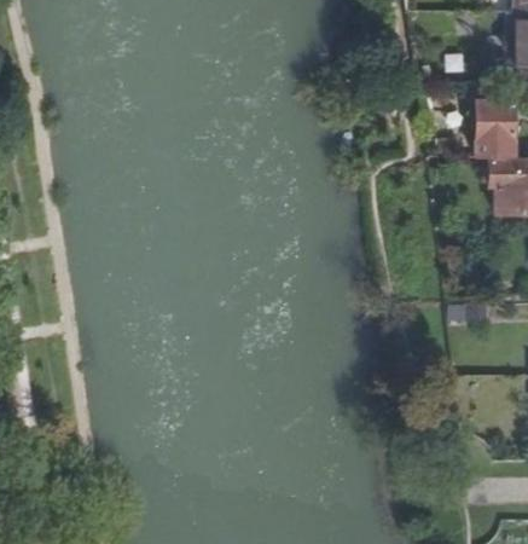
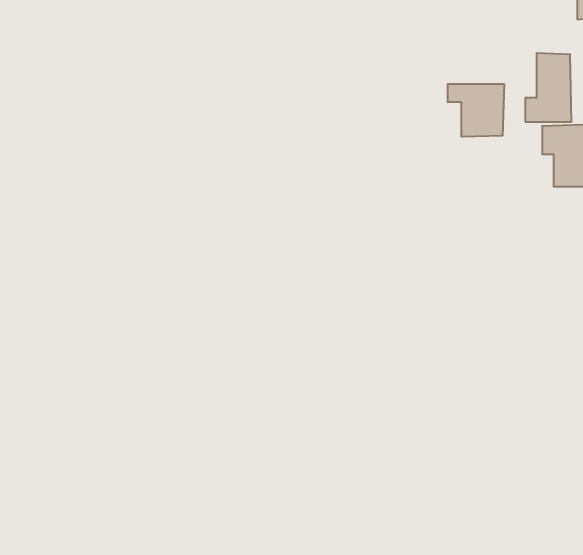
building: none -> [448,84,504,137]

